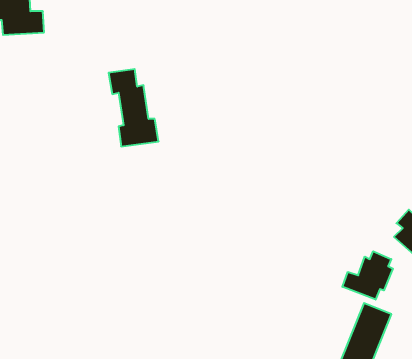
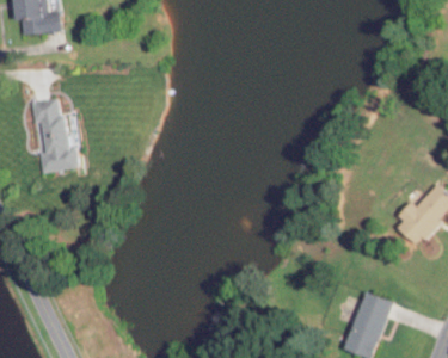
building: [109,69,159,146] -> [30,99,78,173]
building: [342,251,393,300] -> none

